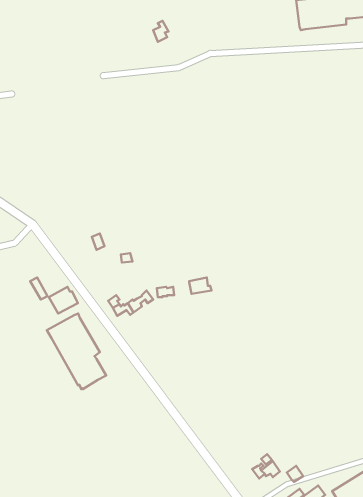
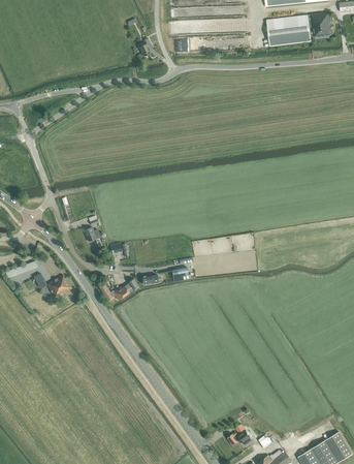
building: [47,314,106,389] -> none

